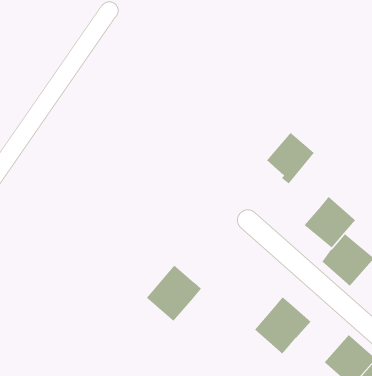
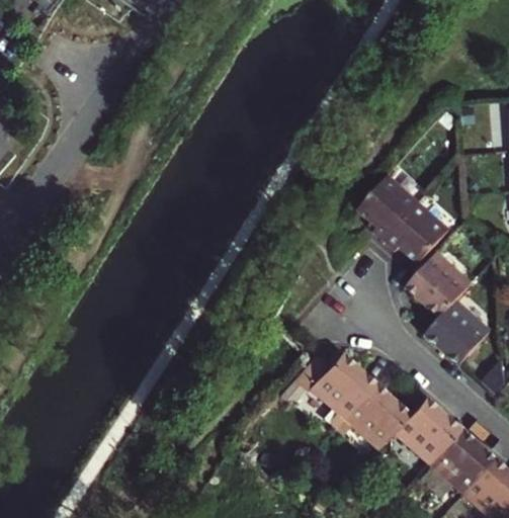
building: none -> [385,200,453,267]
building: [146,265,202,322] -> [307,349,376,421]
building: none -> [394,397,459,462]

